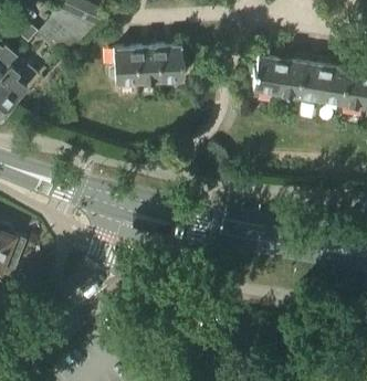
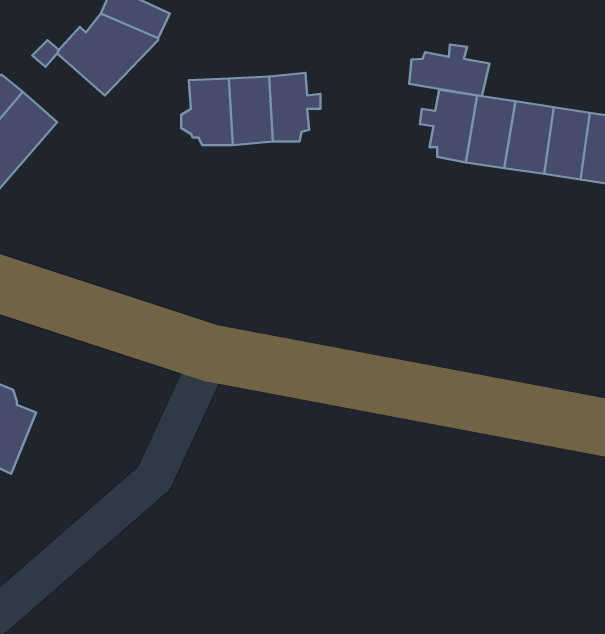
building: none -> [409,45,490,96]

